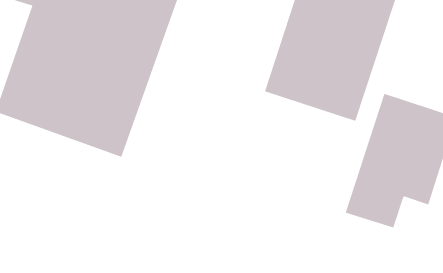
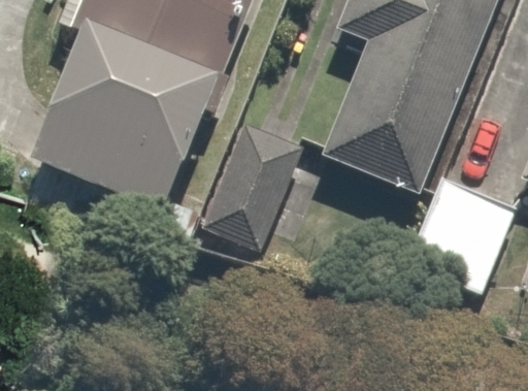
building: none -> [201,112,310,250]

